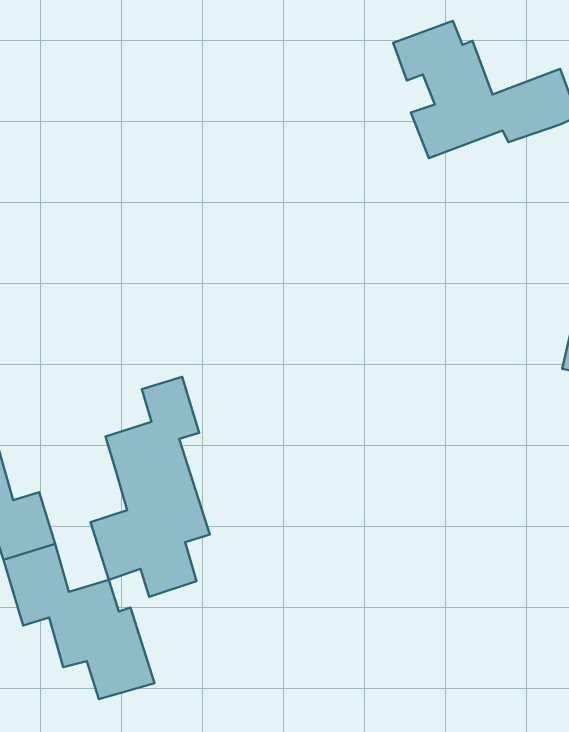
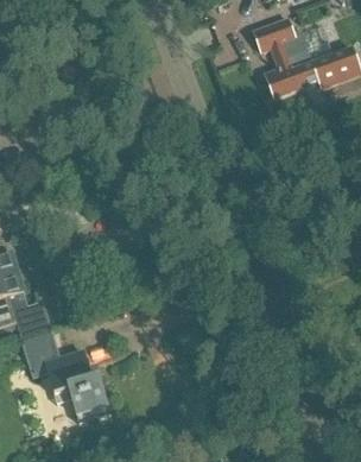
building: [91,377,210,597] -> none

